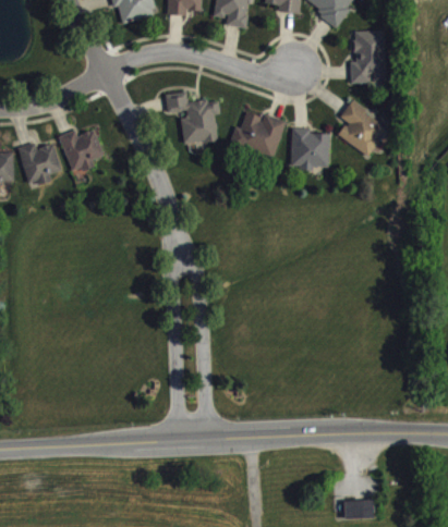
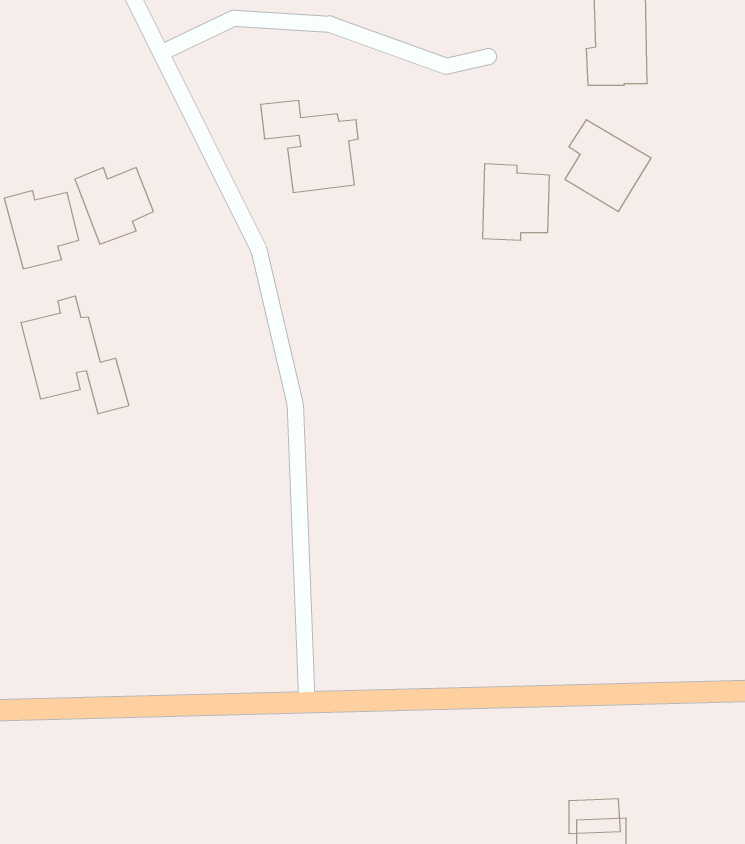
building: [230,112,287,158] -> none
building: none -> [21,296,129,414]

